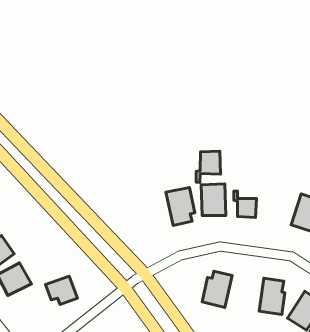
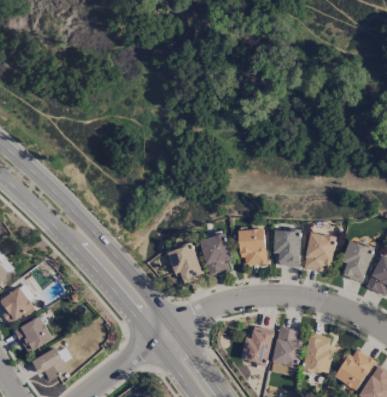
building: [196,151,220,182] -> none
building: none -> [305,232,336,270]
building: none -> [168,243,204,284]
building: none -> [271,327,302,374]
building: [46,276,77,304] -> [32,348,67,379]

